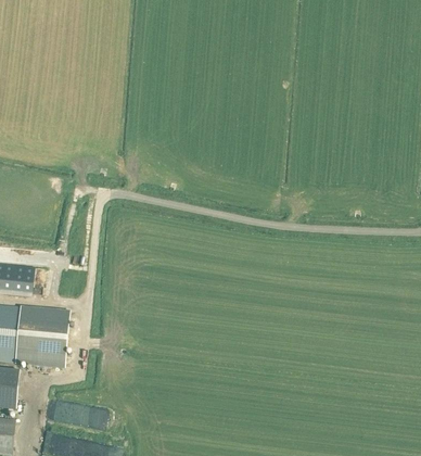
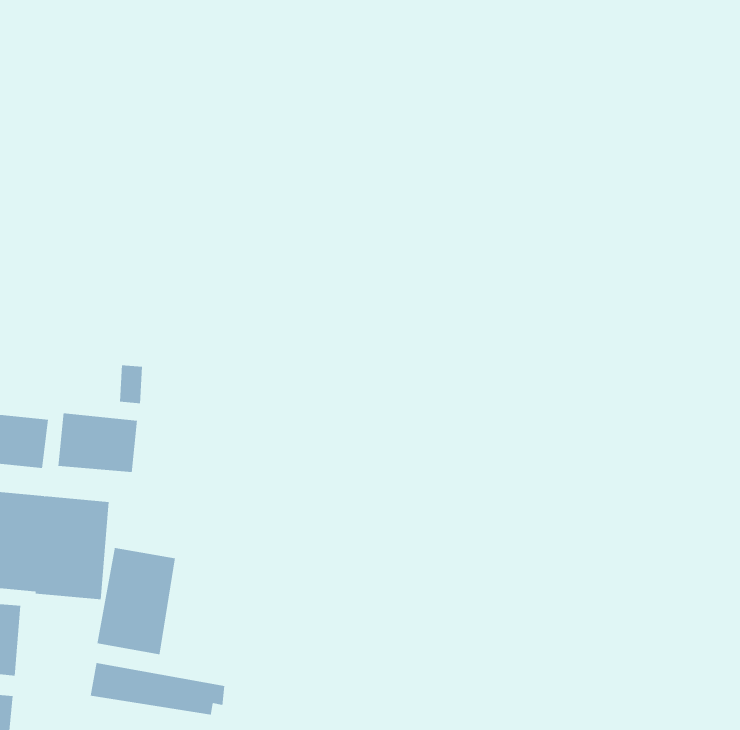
building: none -> [58,412,137,473]
building: none -> [97,547,175,655]

